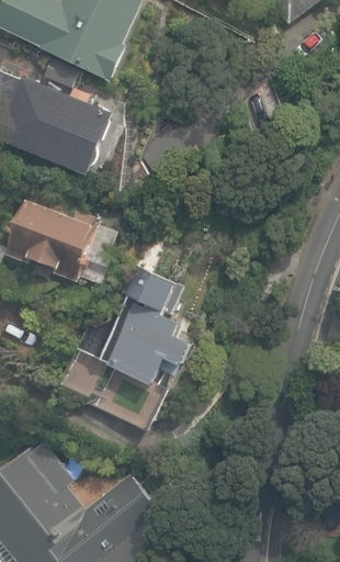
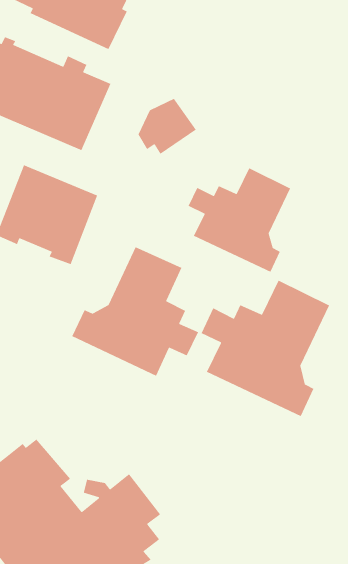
building: none -> [188,167,291,273]
building: none -> [201,279,330,417]

